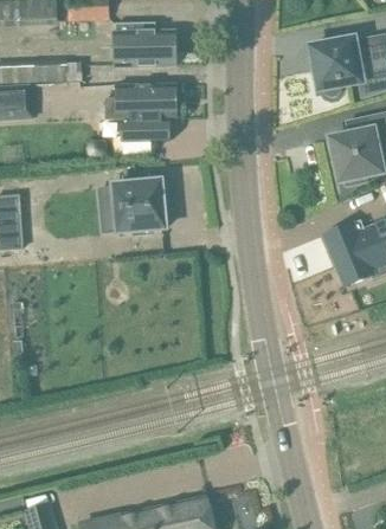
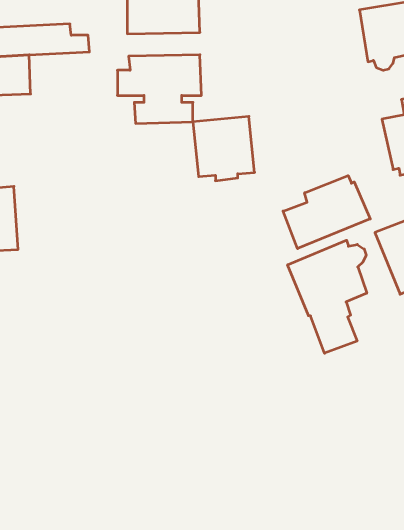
building: [112,180,165,234] -> [193,116,255,181]
building: none -> [283,176,370,249]
building: none -> [288,240,367,353]

